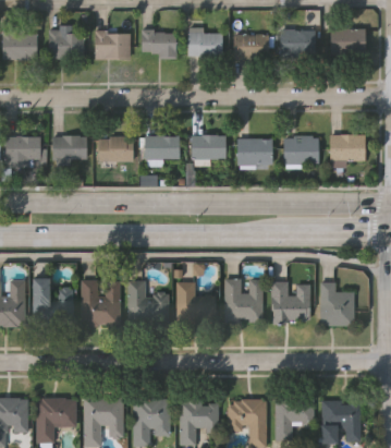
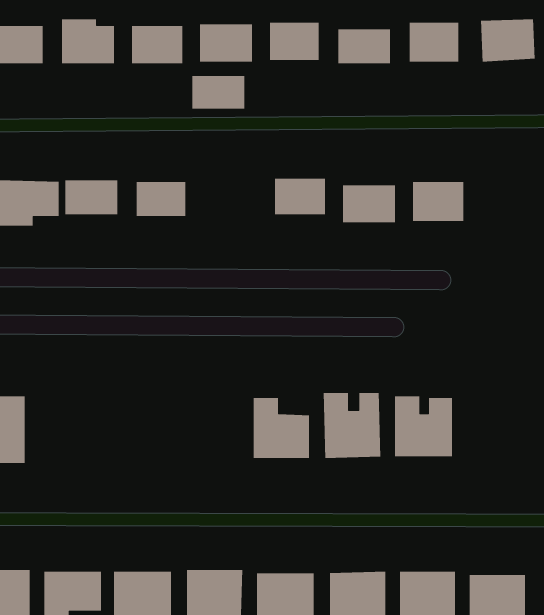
building: [330,134,366,165] -> none
building: [145,135,181,158] -> [192,75,245,109]
building: [34,277,73,319] -> none
building: [82,279,121,325] -> none
building: [127,280,169,323] -> none
building: [320,281,354,325] -> none

